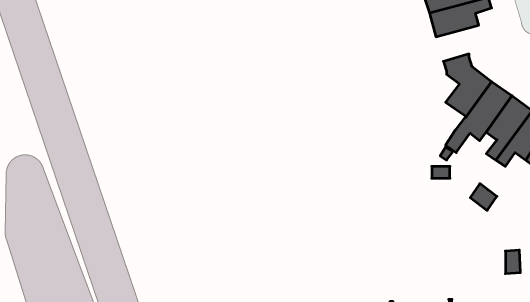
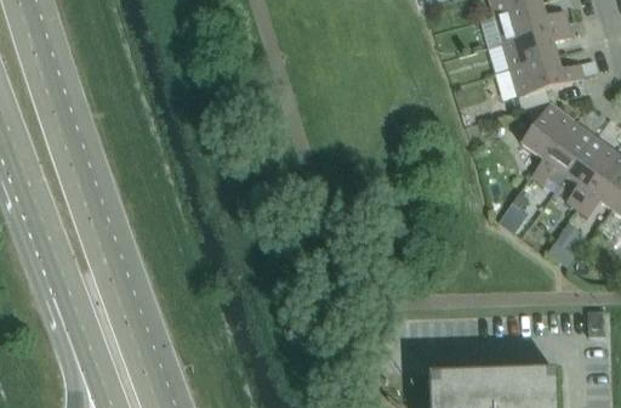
building: none -> [508,55,583,96]

